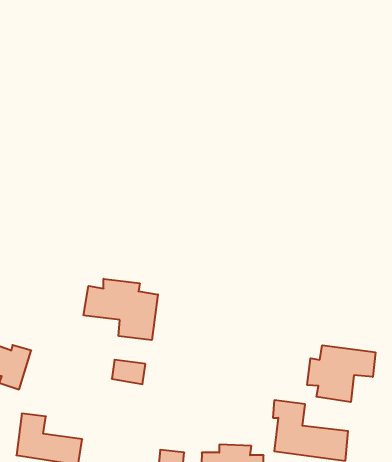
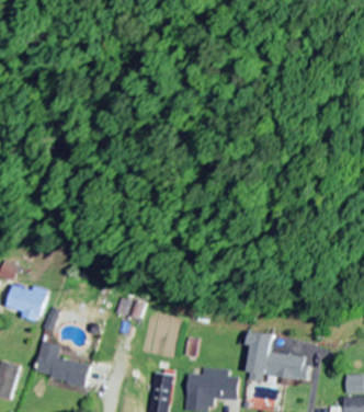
building: [84,279,158,340] -> none
building: [307,345,375,402] -> none

